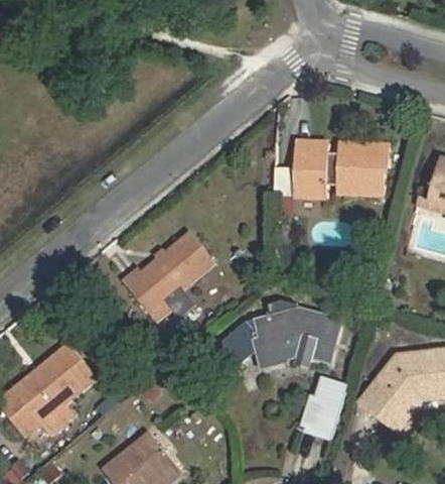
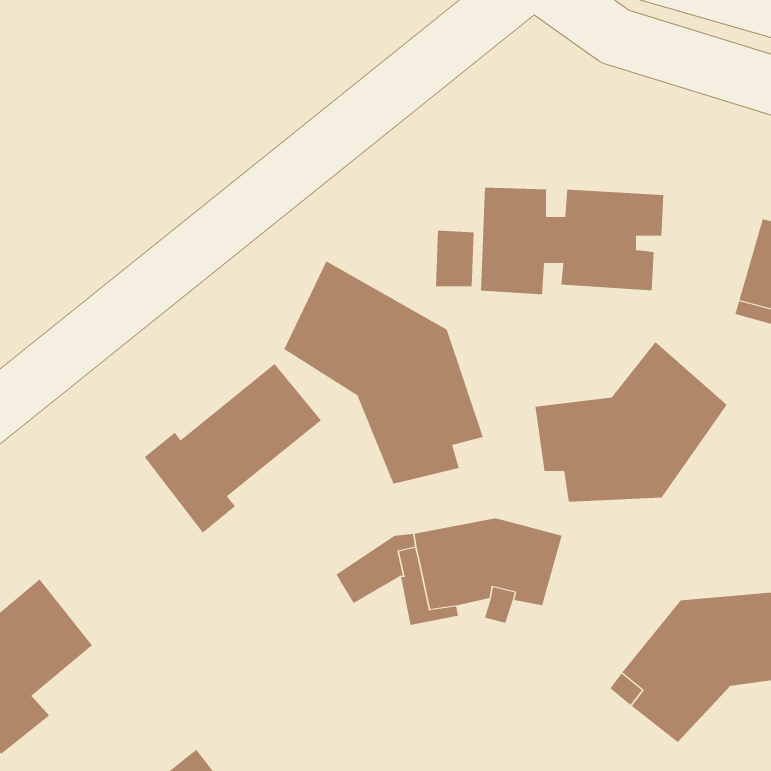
building: none -> [284,261,483,484]
building: none -> [535,341,727,502]
building: [304,378,346,438] -> none

